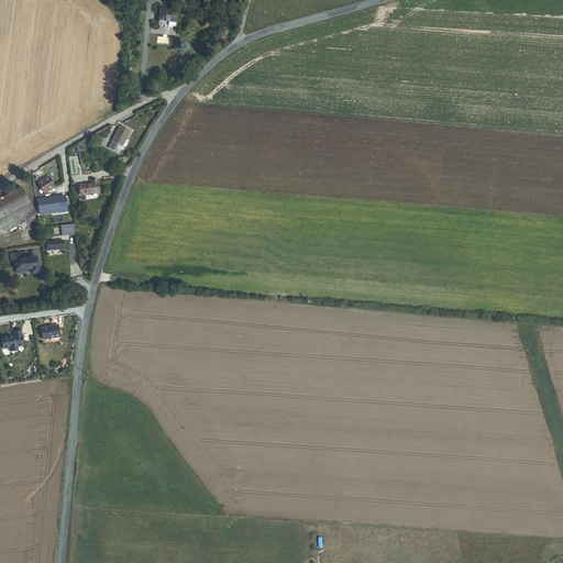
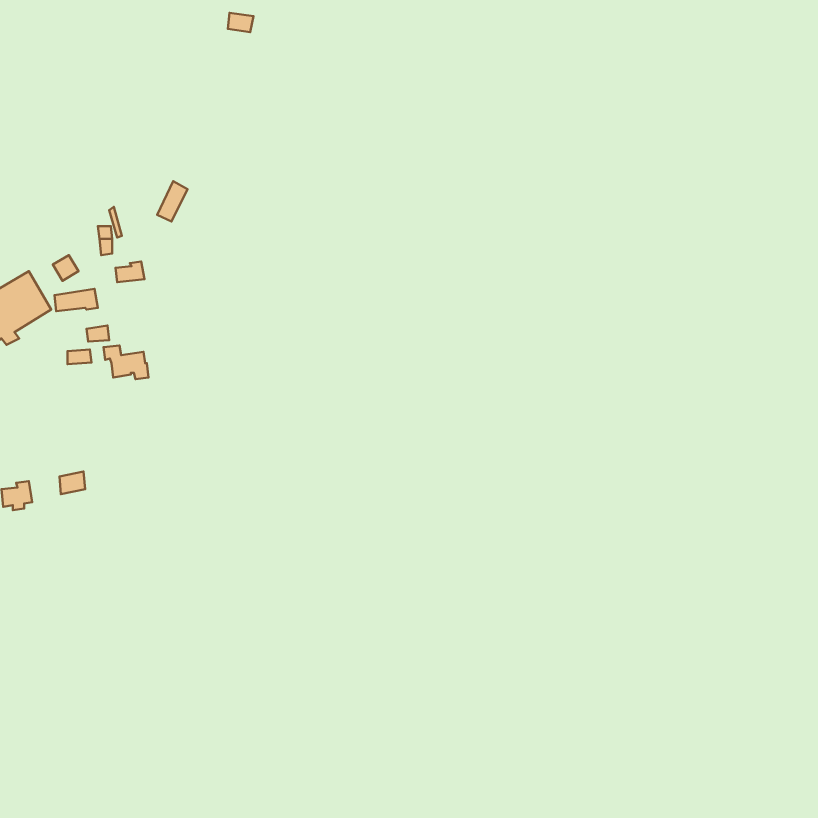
building: [9,251,40,274] -> [103,346,148,379]

